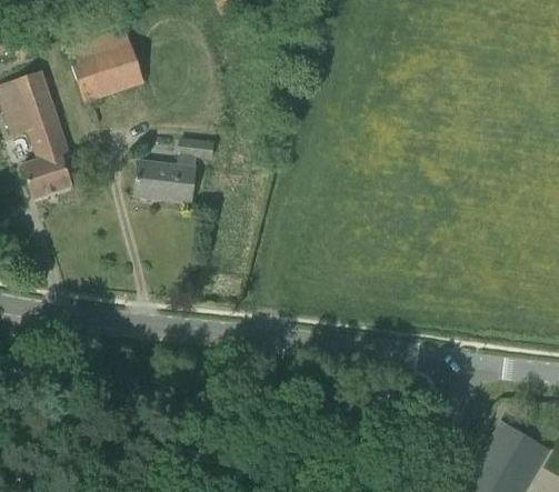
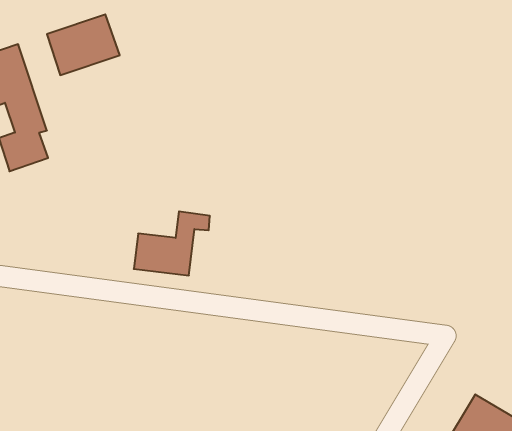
building: [136,138,212,202] -> [134,211,210,275]

